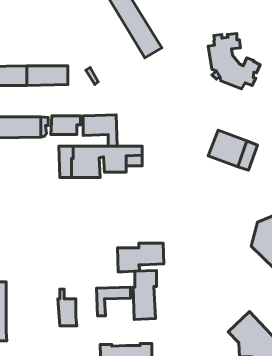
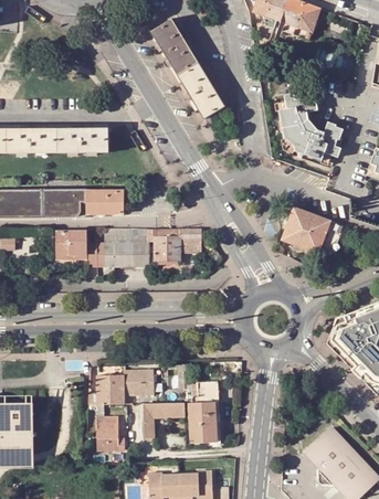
building: [83,115,117,146] -> [56,227,98,266]
building: [117,243,164,272] -> [97,369,155,404]

